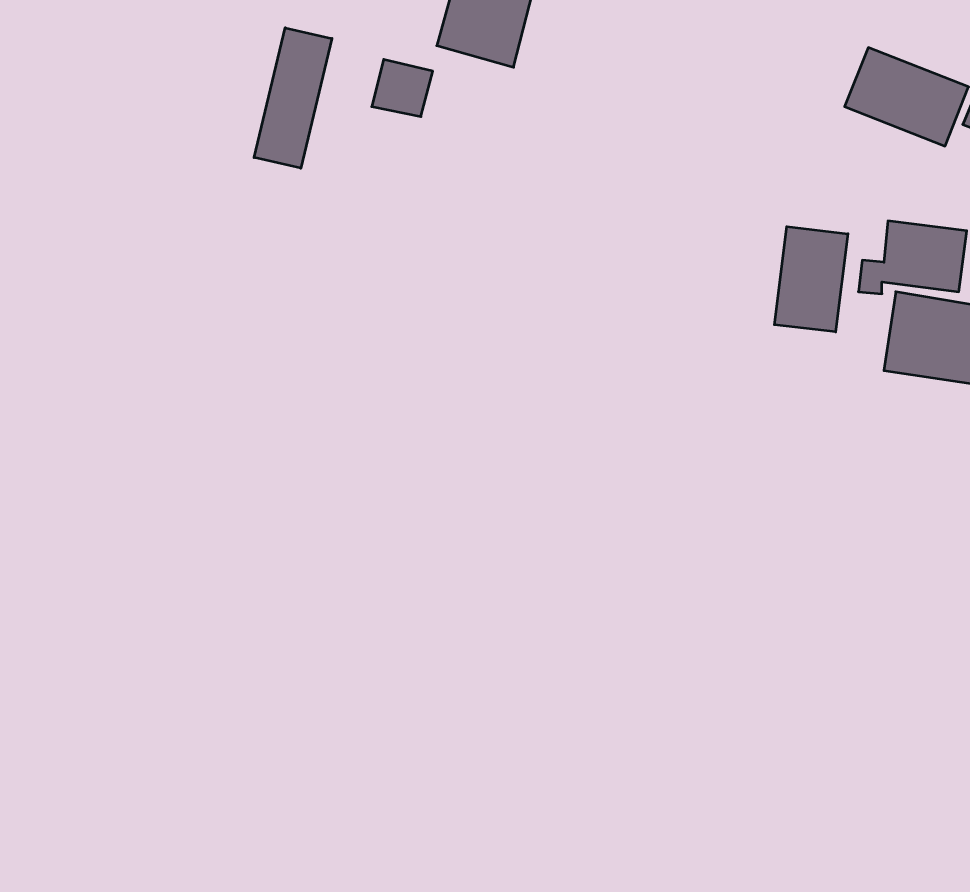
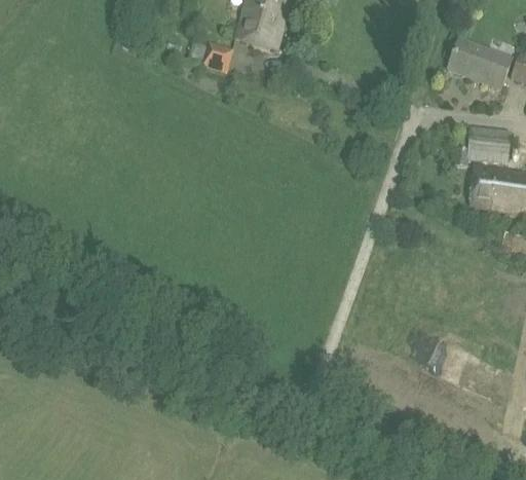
building: [254,28,332,168] -> none
building: [774,227,848,332] -> none

